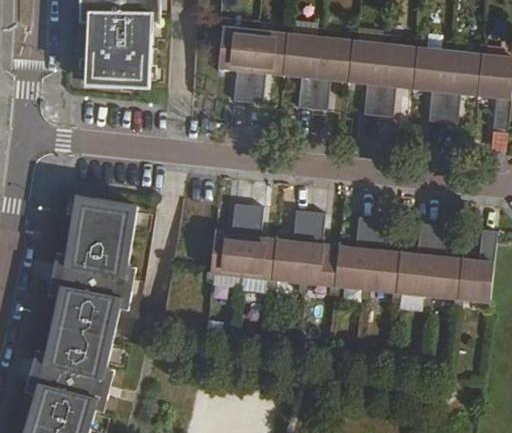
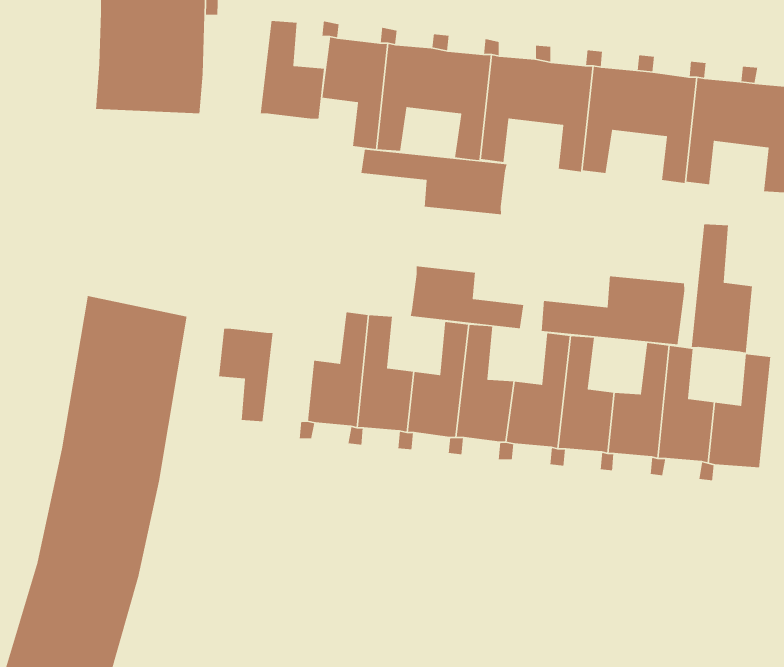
building: none -> [260,20,325,119]
building: none -> [360,149,507,215]
building: none -> [691,223,753,354]
building: none -> [410,266,524,329]
building: none -> [541,276,685,345]
building: none -> [218,328,273,422]

